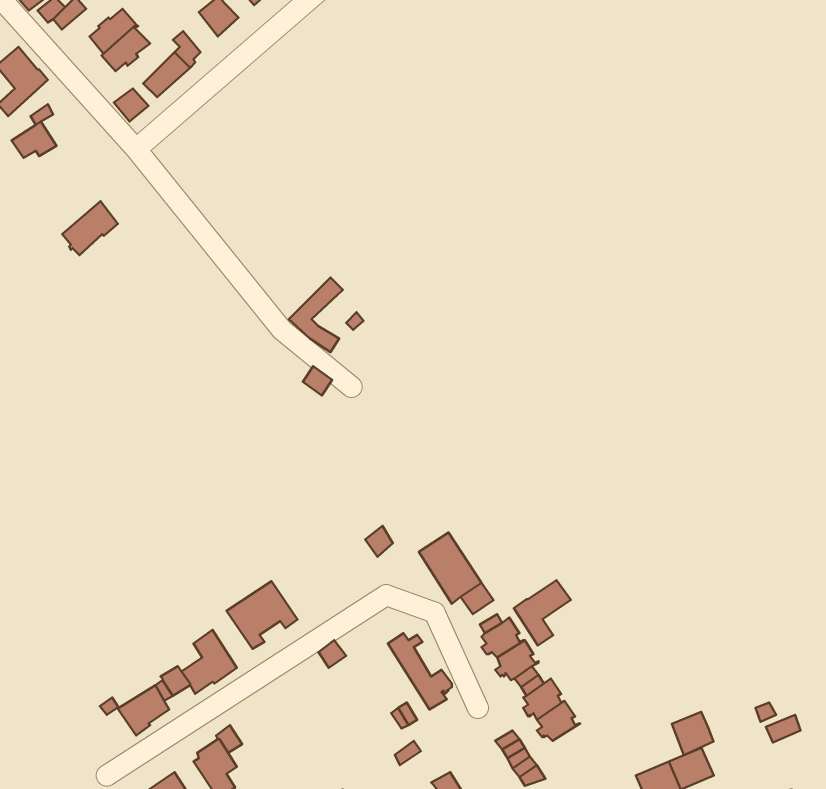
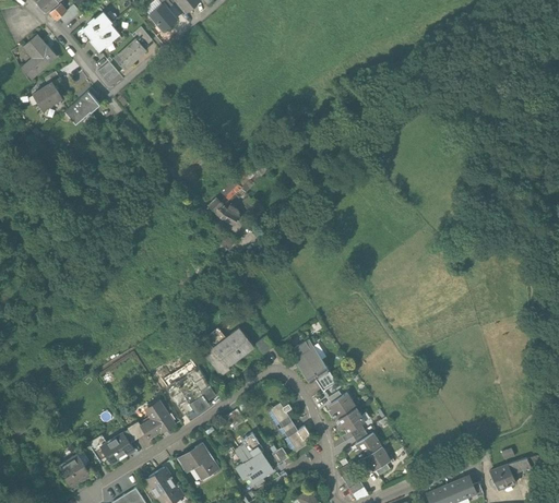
building: [62,201,118,255] -> [64,88,99,122]
building: none -> [200,327,253,376]
building: [514,580,571,645] -> none
building: none -> [235,432,273,487]
building: none -> [177,443,217,480]
building: [672,712,713,755] -> [489,462,515,489]
building: none -> [56,458,91,493]

